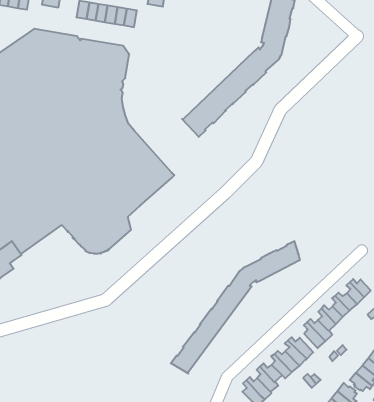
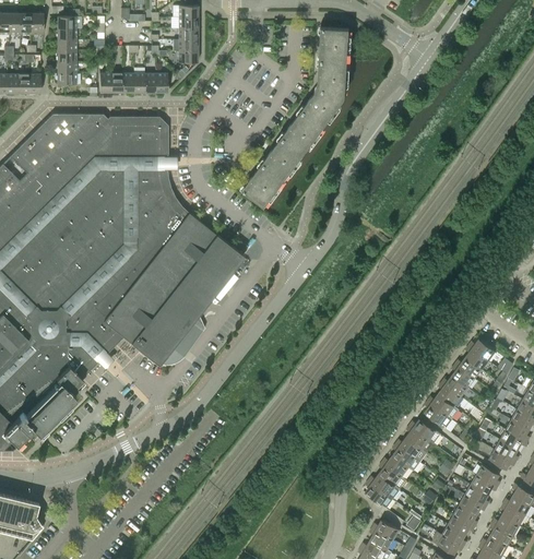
building: [171,241,300,374] -> none

